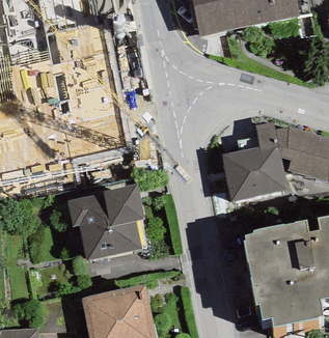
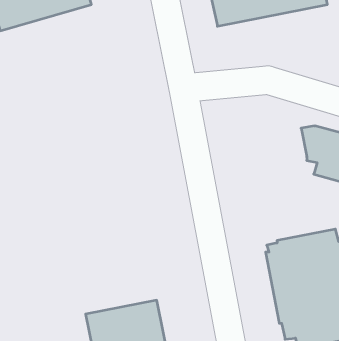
building: [221,122,286,201] -> none
building: [66,188,143,261] -> none

